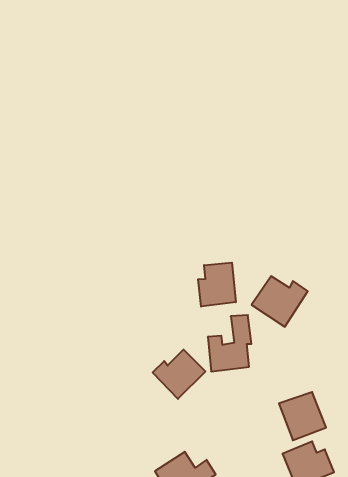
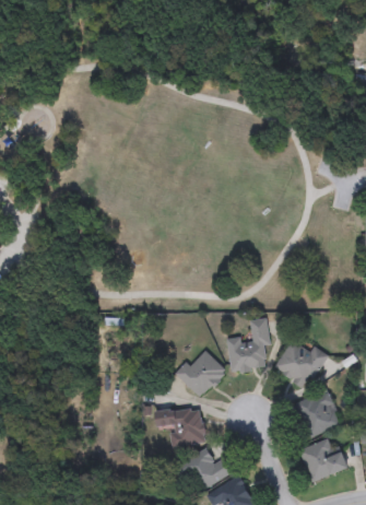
building: [198,263,236,307] -> none
building: [252,276,308,327] -> [274,341,328,389]
building: none -> [156,408,204,446]

